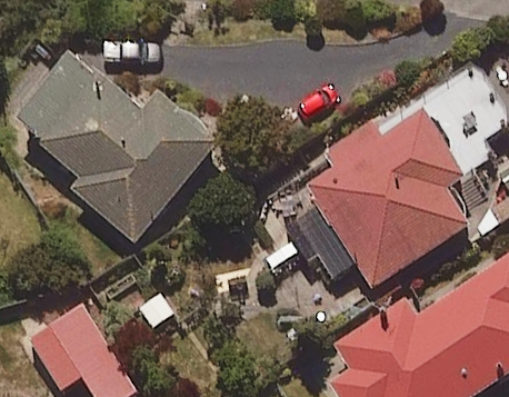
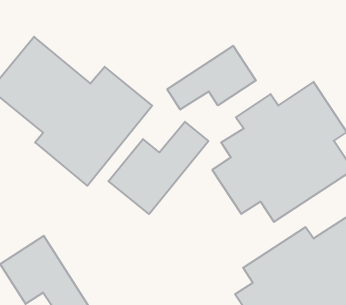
building: none -> [167,46,256,110]
building: none -> [108,122,208,214]

